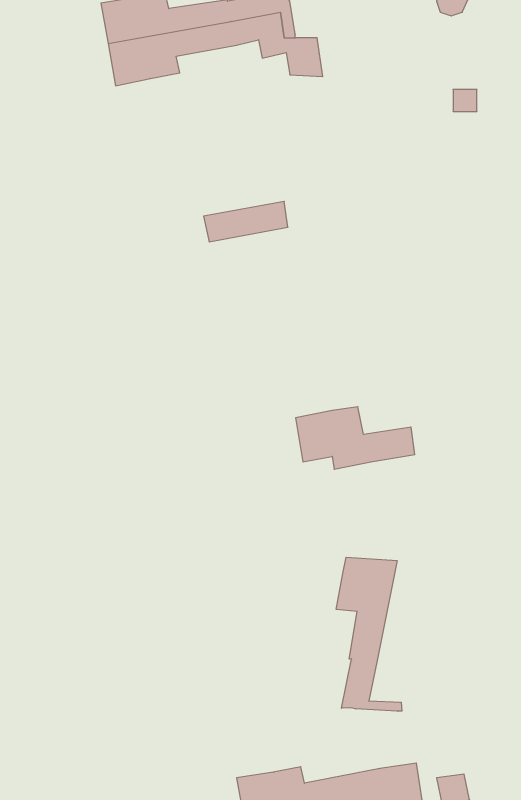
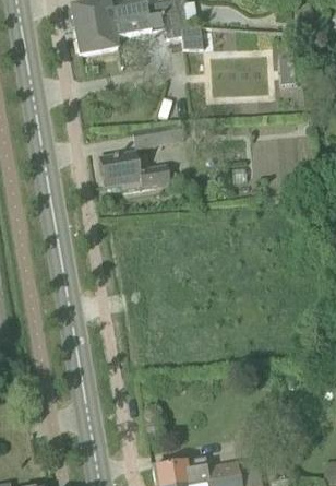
building: [296,407,415,469] -> [98,152,169,189]
building: [336,557,402,711] -> none

